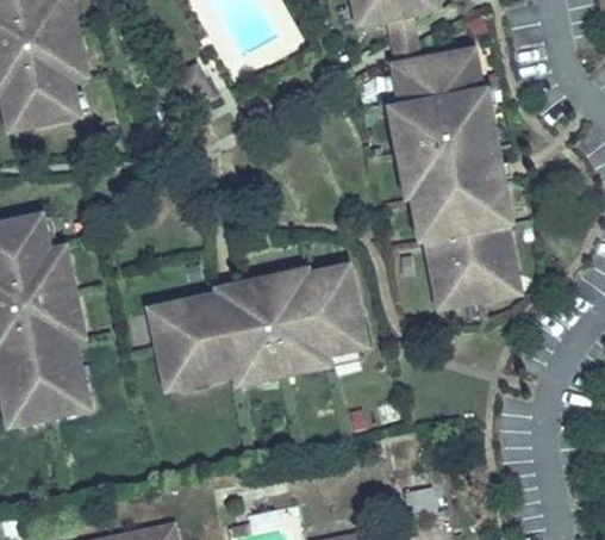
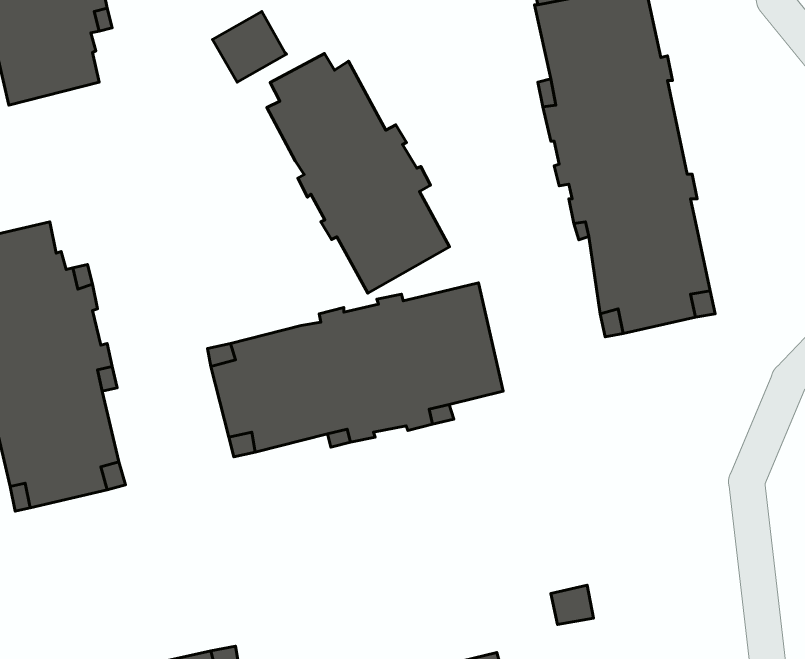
building: none -> [267,53,450,293]

